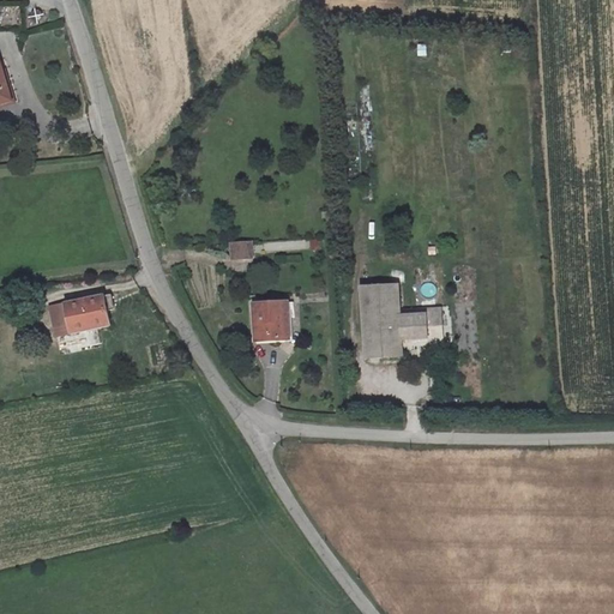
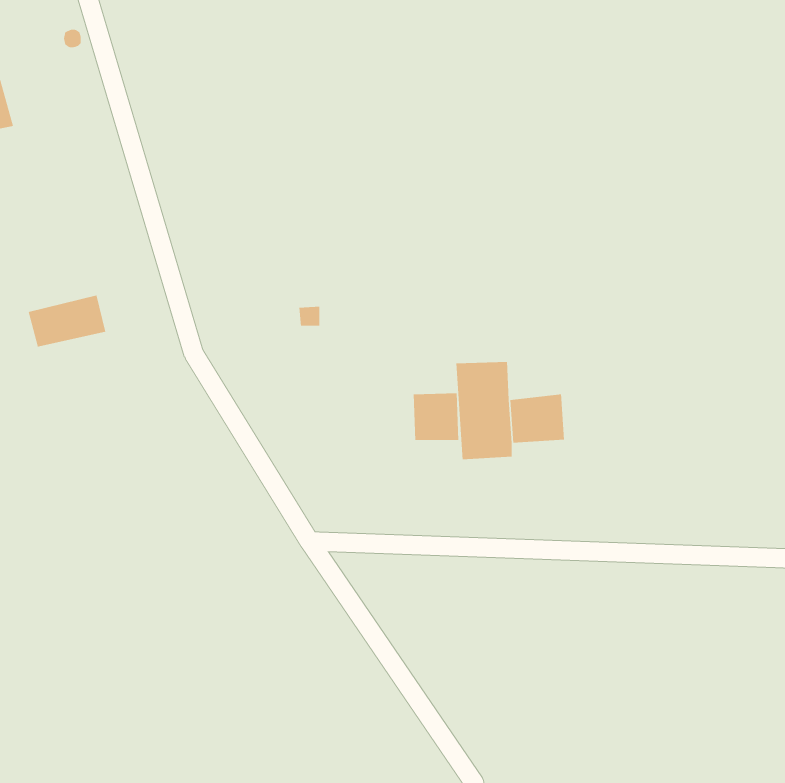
building: [49,294,110,335] -> [28,295,106,347]
building: [253,303,289,341] -> [413,393,459,440]

